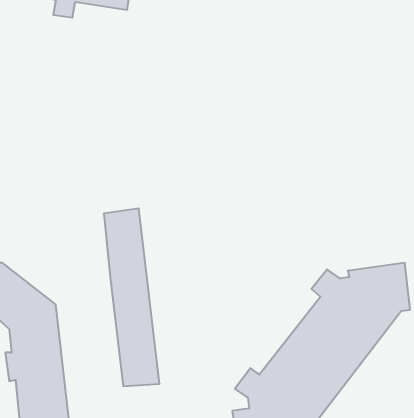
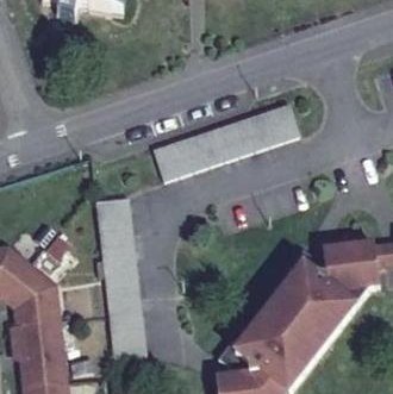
building: none -> [150,101,298,179]

